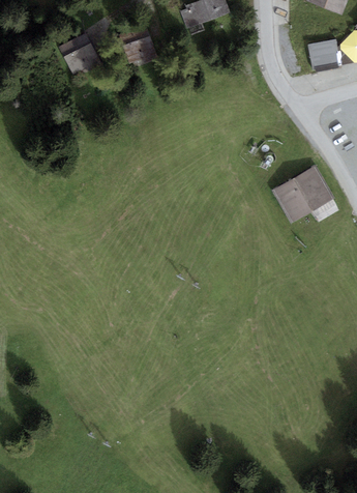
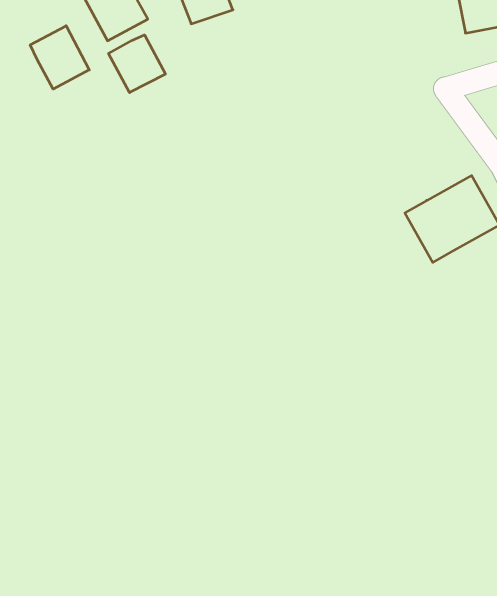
building: none -> [30,26,89,89]
building: none -> [109,35,165,93]

